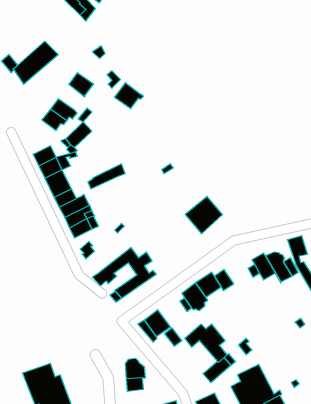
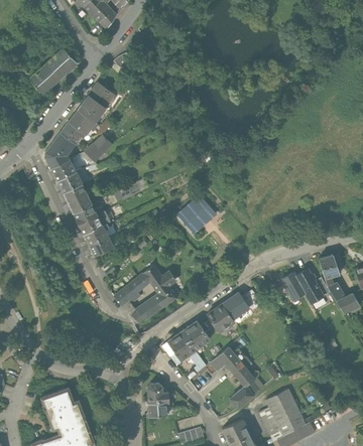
building: [115,83,143,109] -> [77,95,107,122]
building: none -> [44,132,75,168]
building: [185,196,223,234] -> [176,194,216,234]
building: none -> [182,321,210,349]

